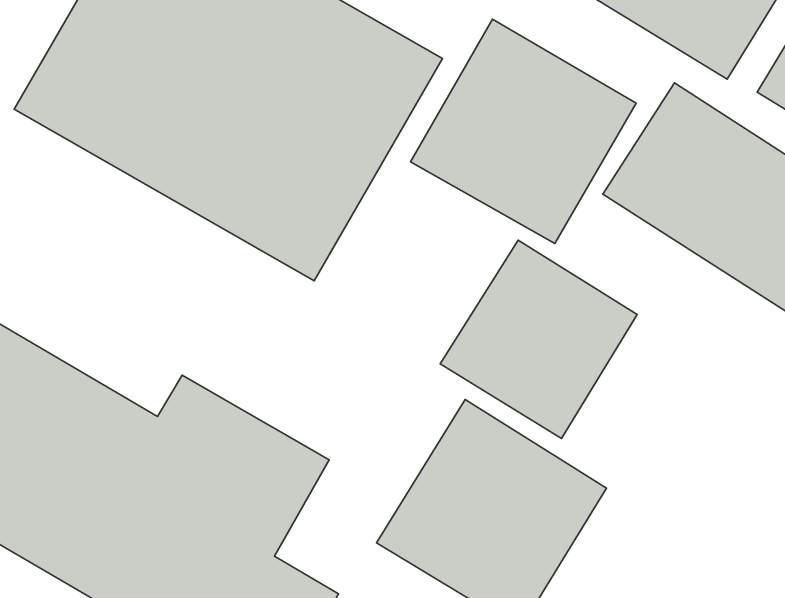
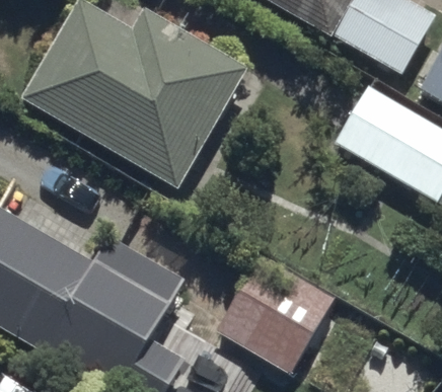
building: [411,19,636,243] -> none
building: [440,240,637,439] -> none

